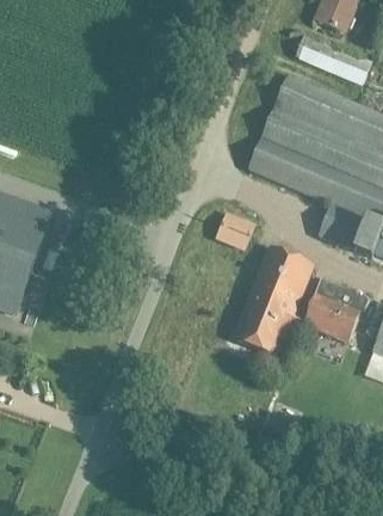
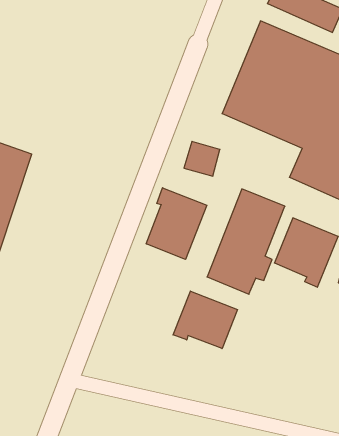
building: none -> [146,188,207,259]
building: none -> [173,291,237,349]

